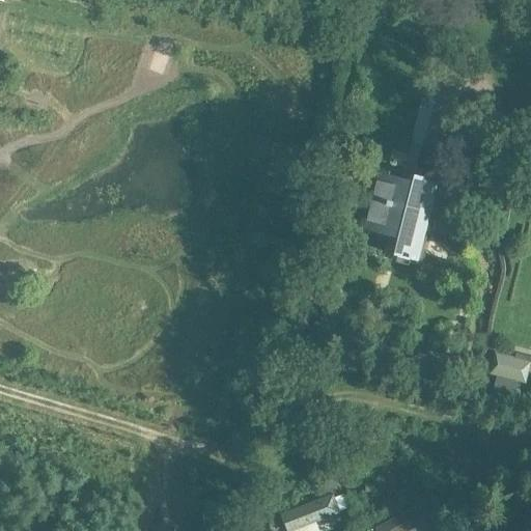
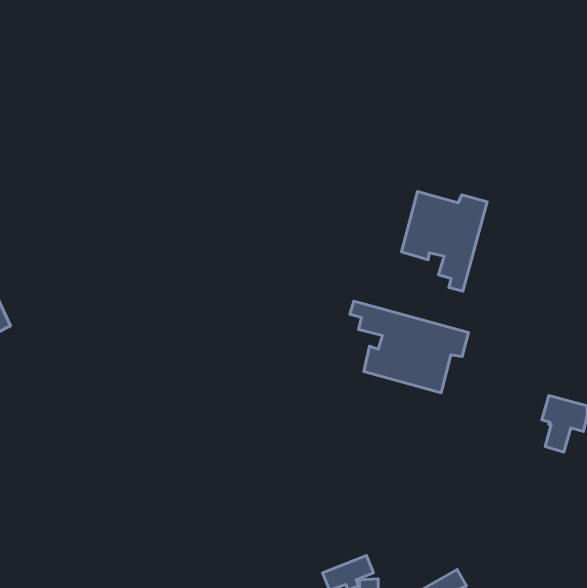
building: none -> [350,301,469,393]

